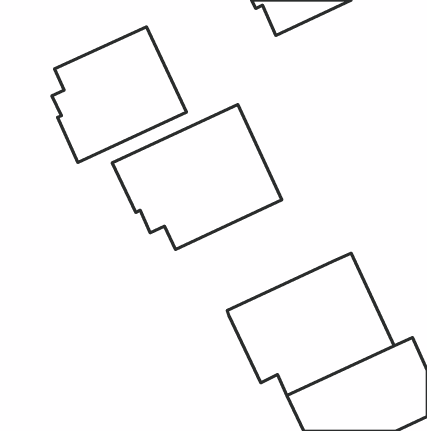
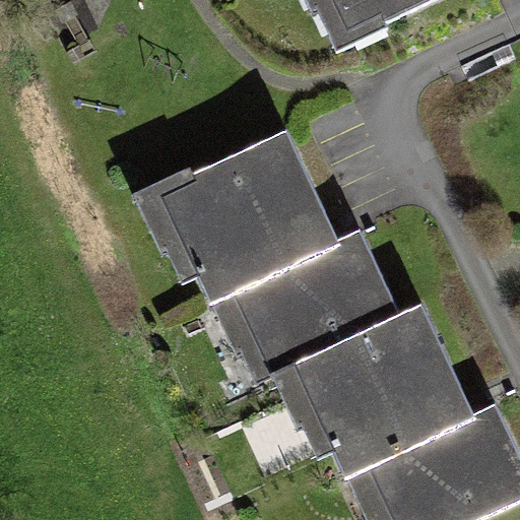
building: [52,27,186,162] -> none
building: none -> [211,232,400,390]

